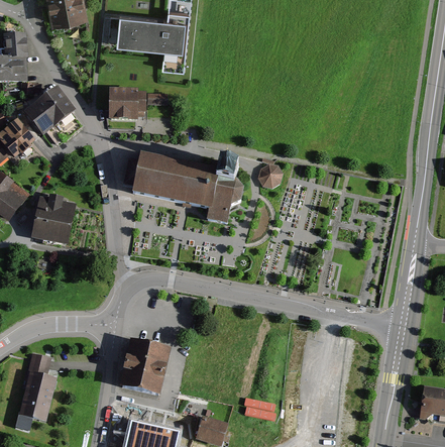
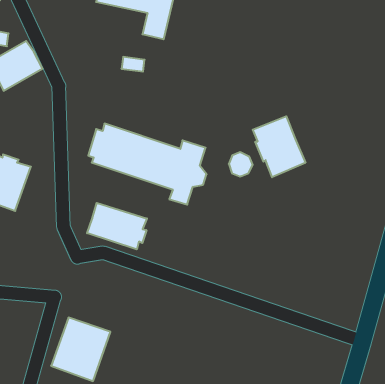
building: [109,86,146,118] -> none
building: none -> [253,116,305,177]
building: none -> [87,203,147,249]

